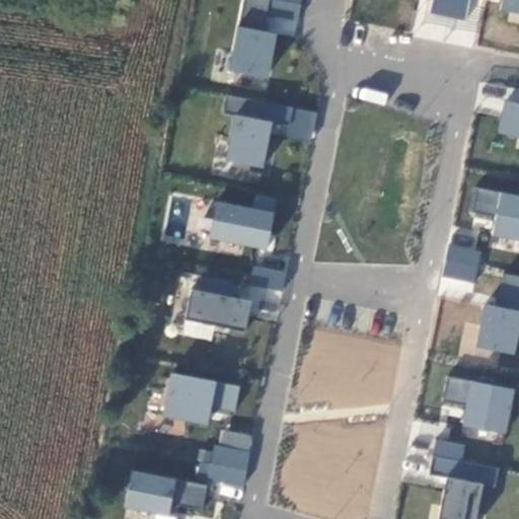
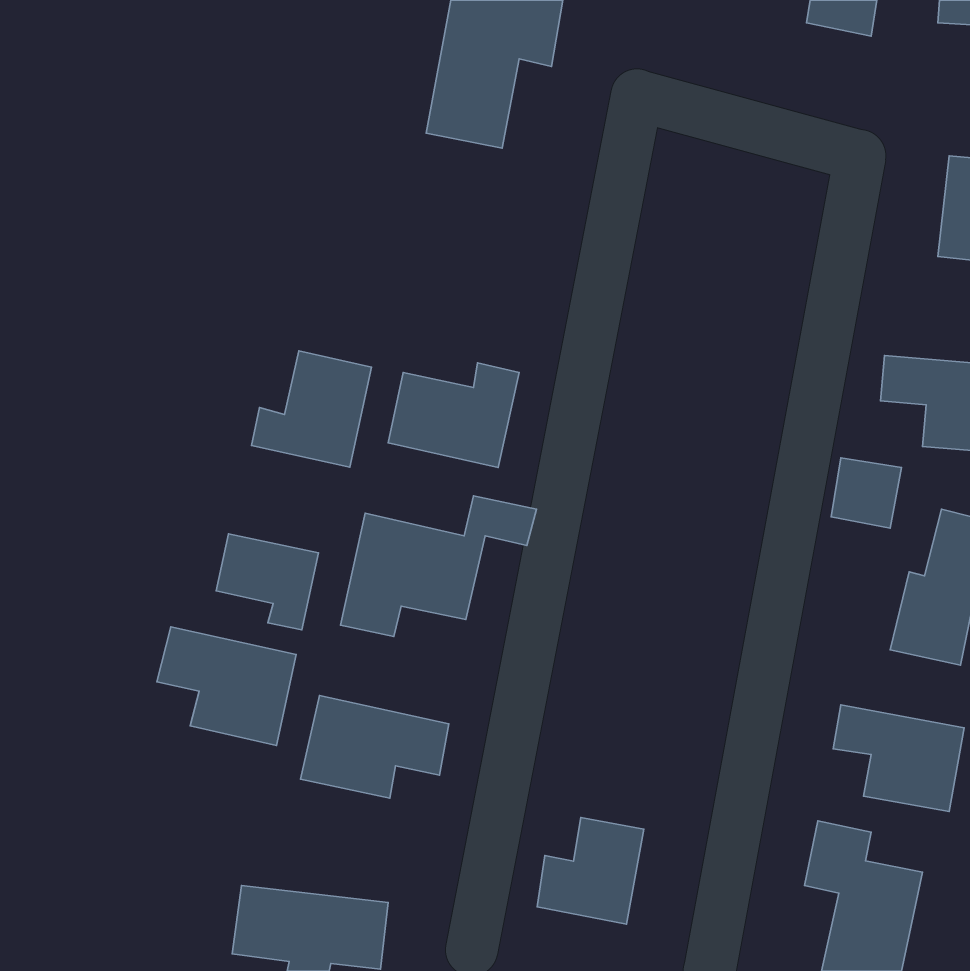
building: [221,94,318,169] -> none
building: none -> [252,351,371,467]
building: none -> [216,534,318,630]
building: none -> [157,627,296,746]
building: [197,429,253,486] -> [537,818,644,924]

